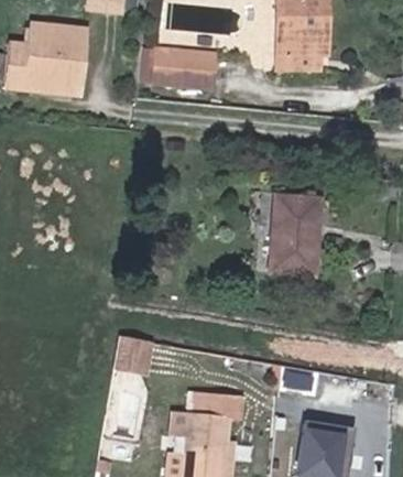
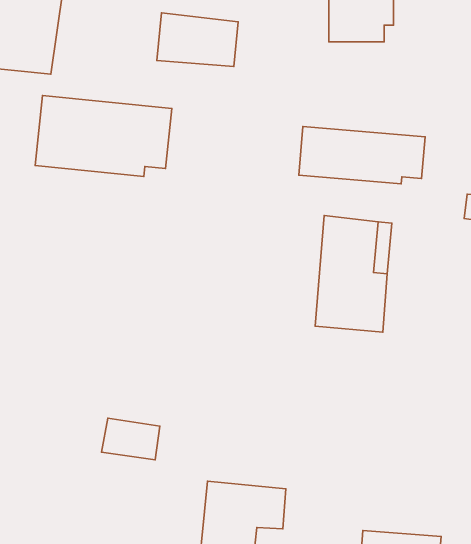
building: none -> [35,95,172,176]
building: none -> [299,127,425,184]

